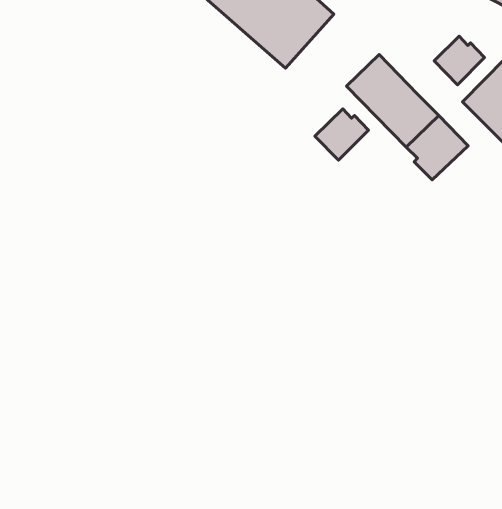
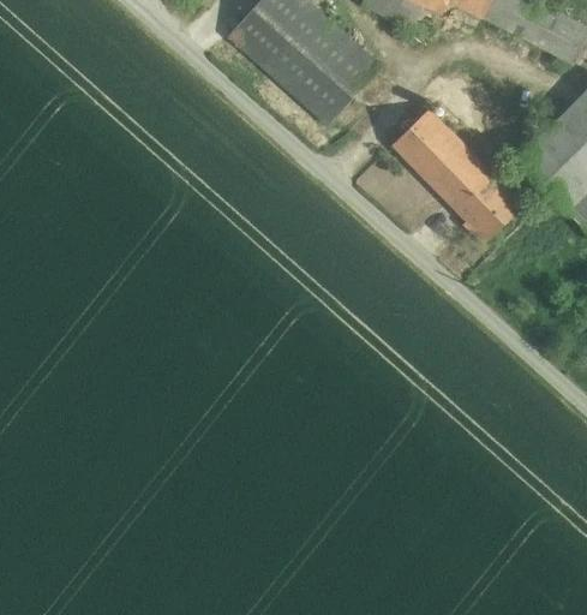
building: [434,36,484,85] -> none
building: [315,109,368,160] -> none

